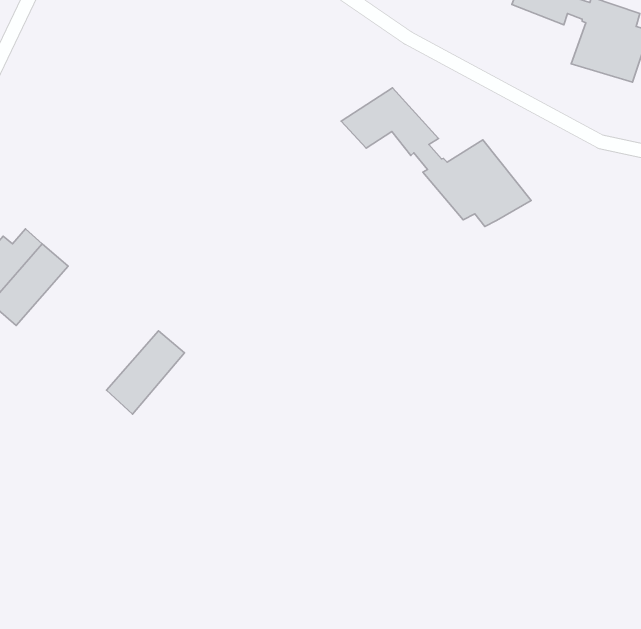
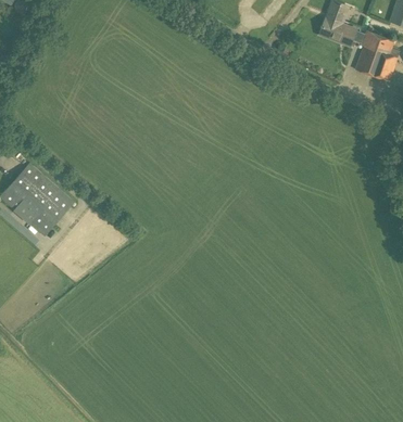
building: [341,88,531,227] -> none
building: [106,331,184,414] -> [28,188,74,236]

